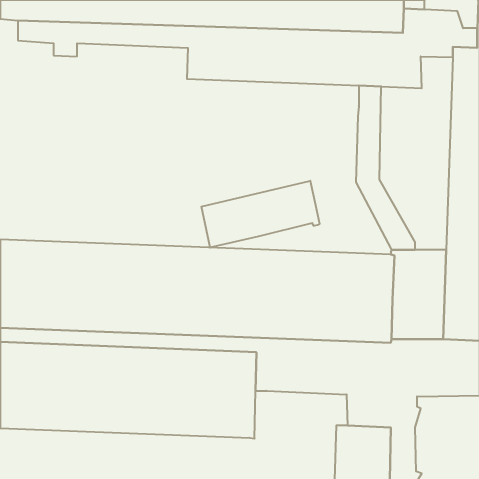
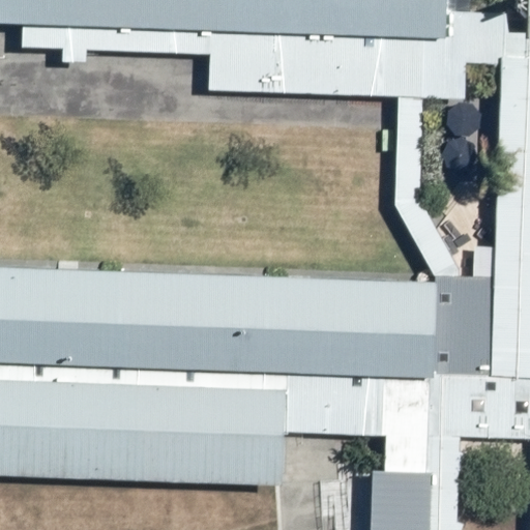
building: [201,181,320,248] -> none

